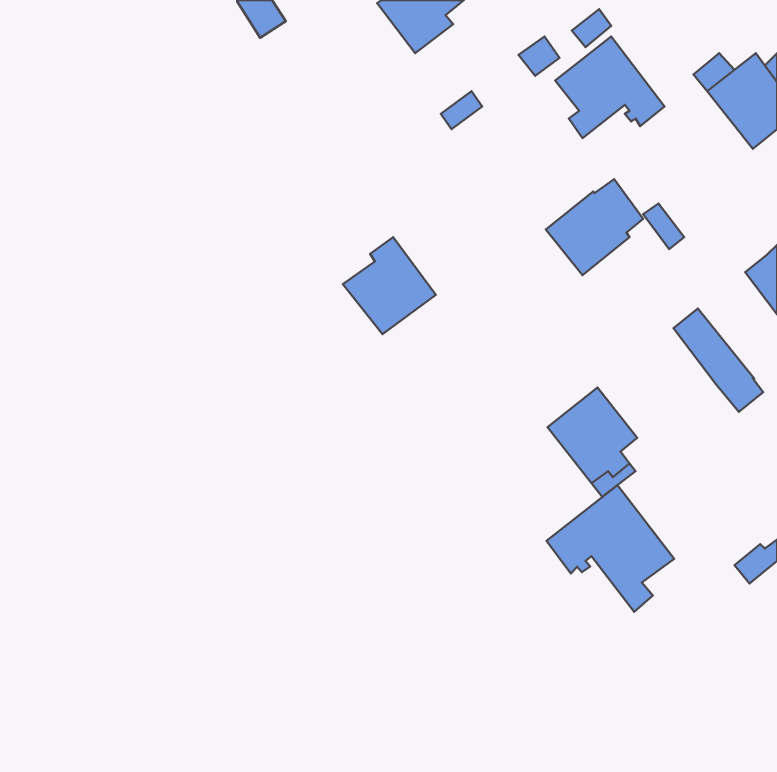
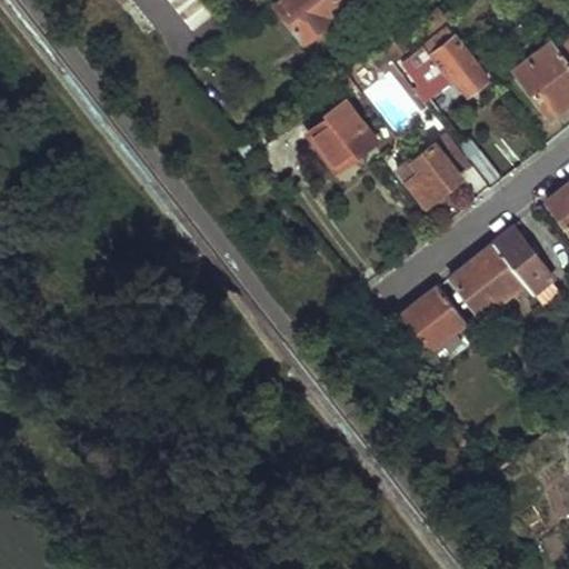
building: [343,237,436,334] -> [309,100,377,171]
building: none -> [449,243,523,318]
building: [547,485,674,612] -> none

